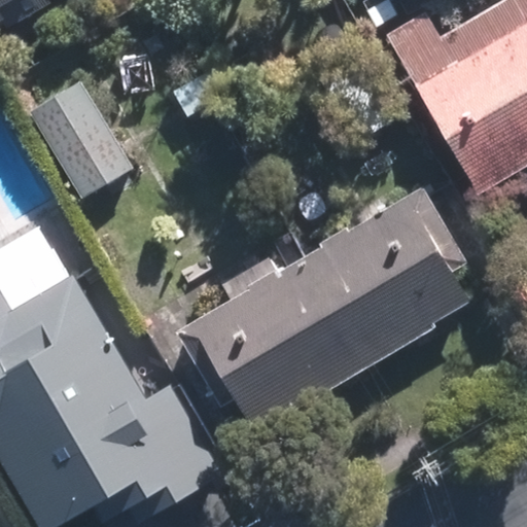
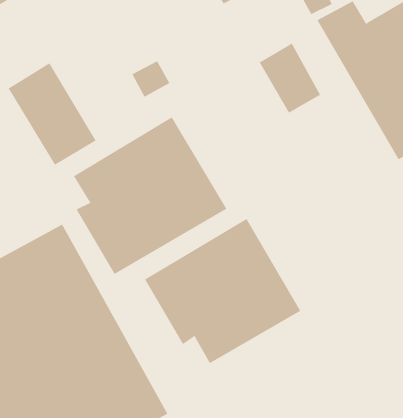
building: none -> [73,117,227,275]
building: [304,184,477,364] -> none

